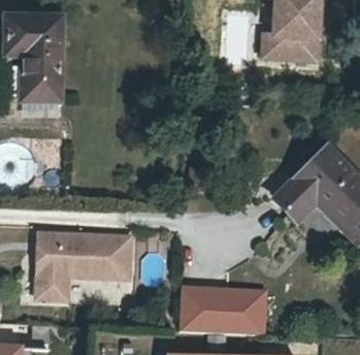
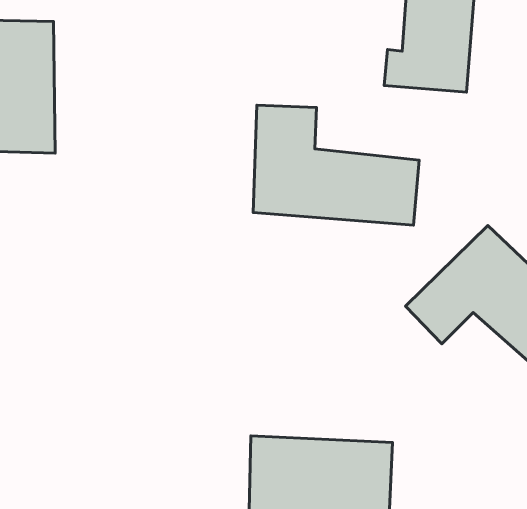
building: none -> [253,105,419,225]
building: [39,235,132,301] -> none

